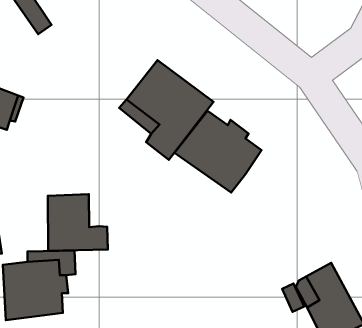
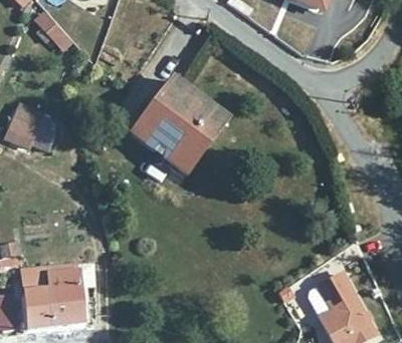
building: [174,111,262,193] -> none
building: [48,194,108,251] -> none

